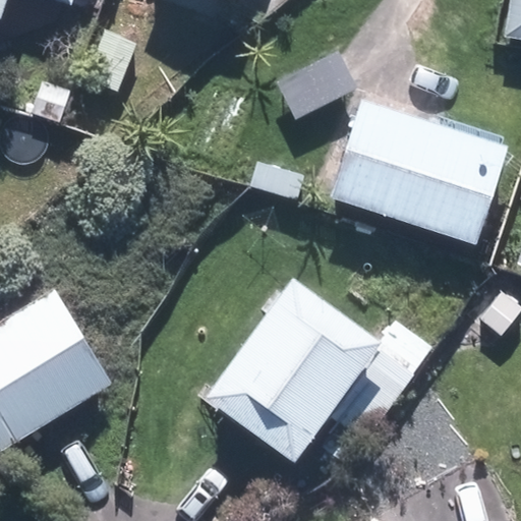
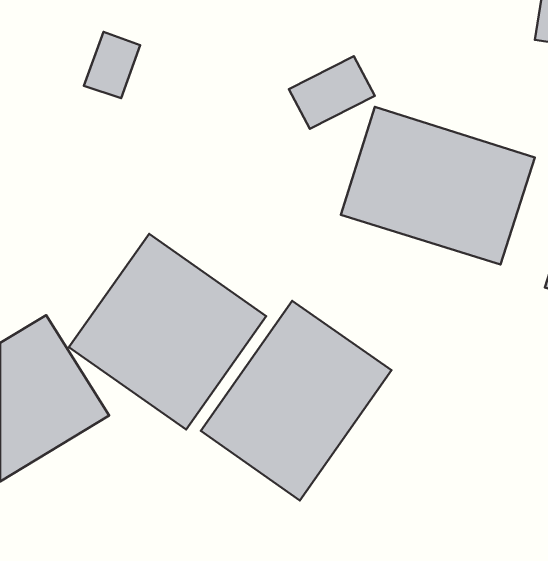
building: none -> [69,234,266,430]

